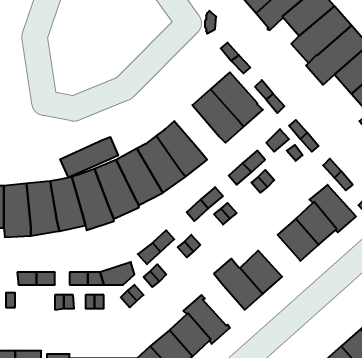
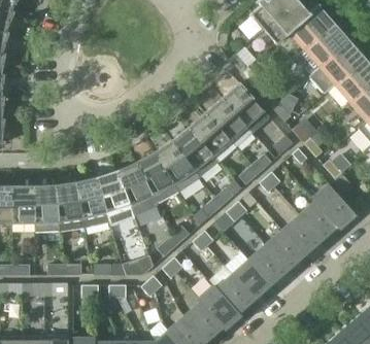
building: none -> [189,113,235,163]
building: [60,137,118,178] -> none
building: none -> [265,231,303,269]
building: none -> [214,275,253,313]

